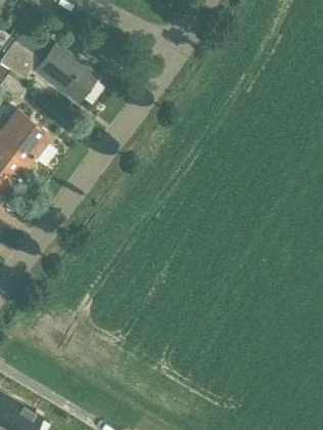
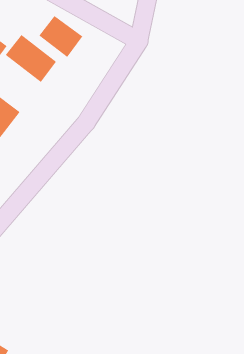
building: none -> [39,15,83,58]

